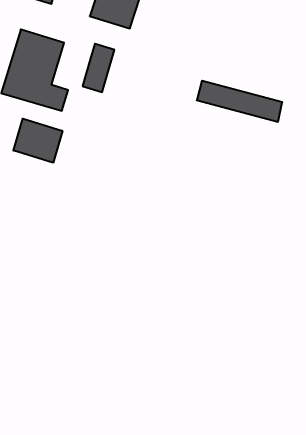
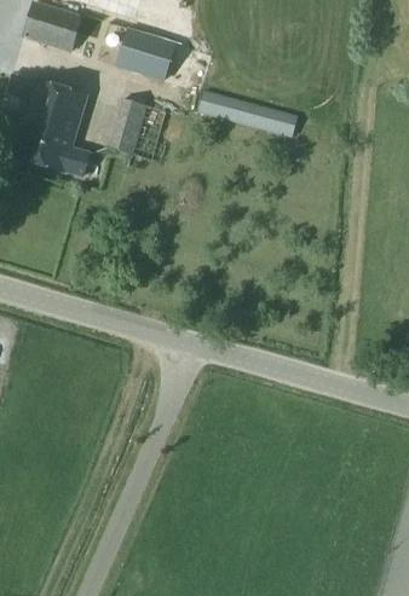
building: [197,81,282,122] -> [198,89,299,138]
building: [13,119,62,163] -> none

